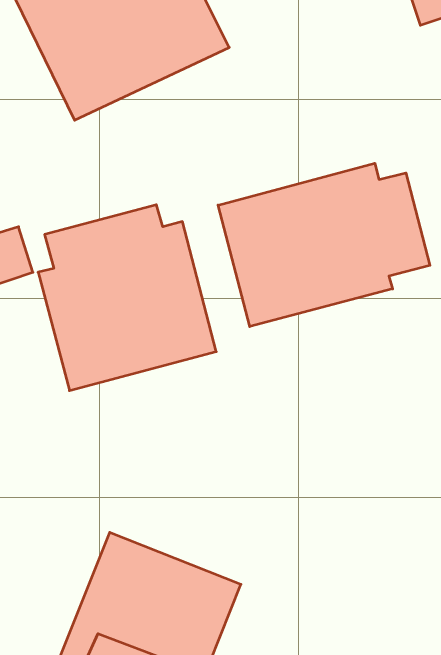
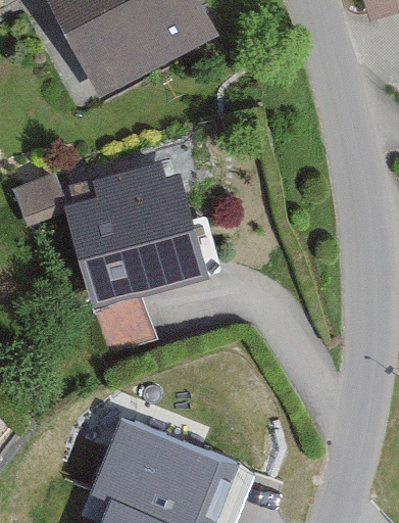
building: [218,163,430,327] -> none

